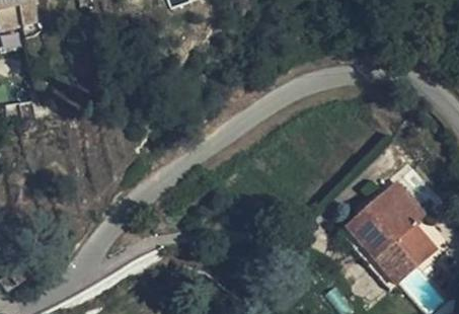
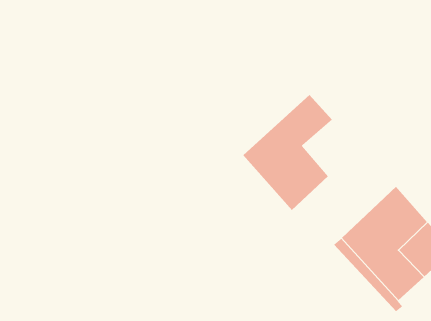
building: none -> [243,94,333,211]

